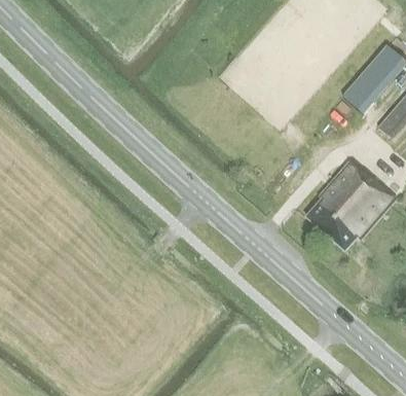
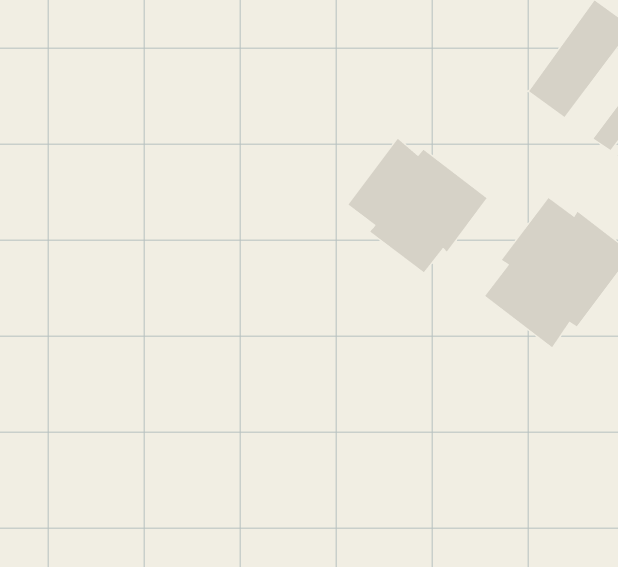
building: none -> [347,138,488,273]

